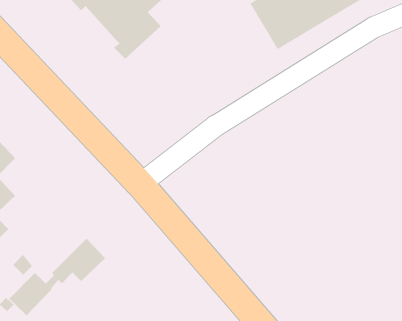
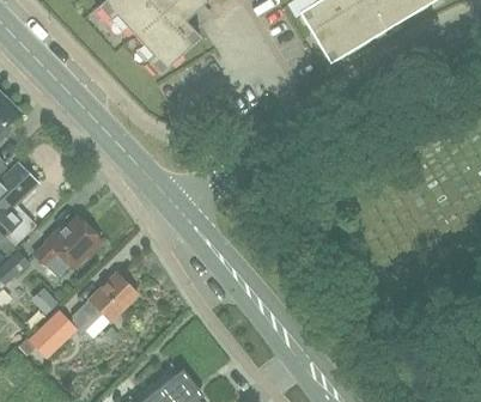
building: none -> [34,215,101,276]

